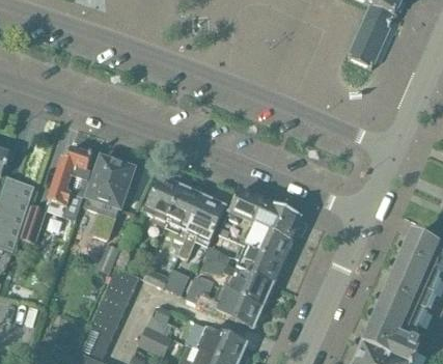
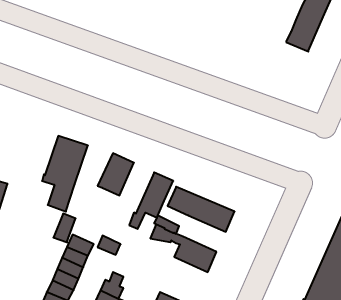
building: [49,144,93,204] -> none
building: [168,186,205,241] -> none
building: [229,188,309,239] -> none
building: [237,243,283,282] -> none
building: [185,273,264,326] -> none

